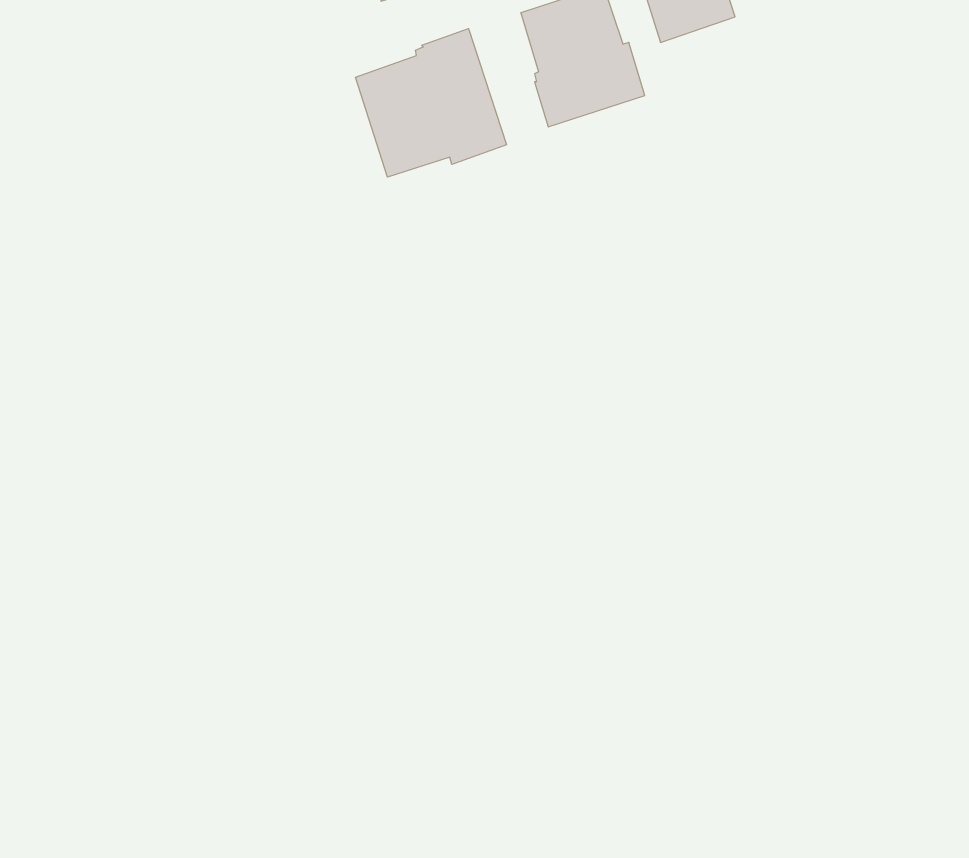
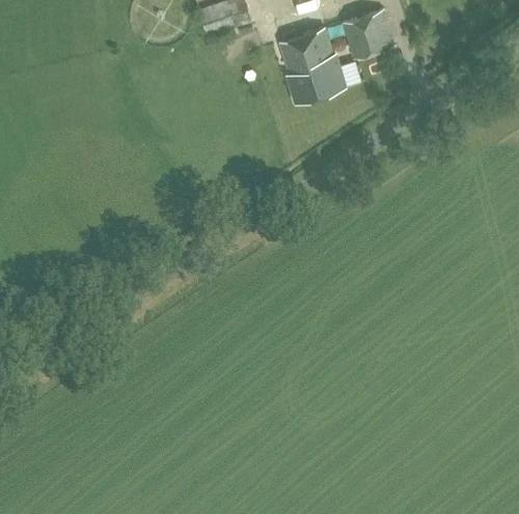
building: [356,29,507,177] -> none

